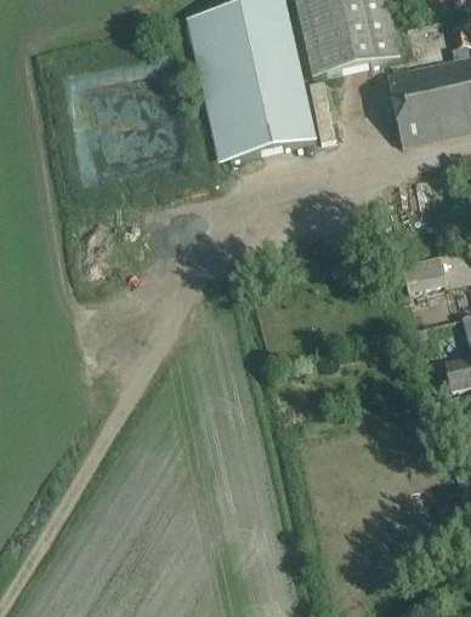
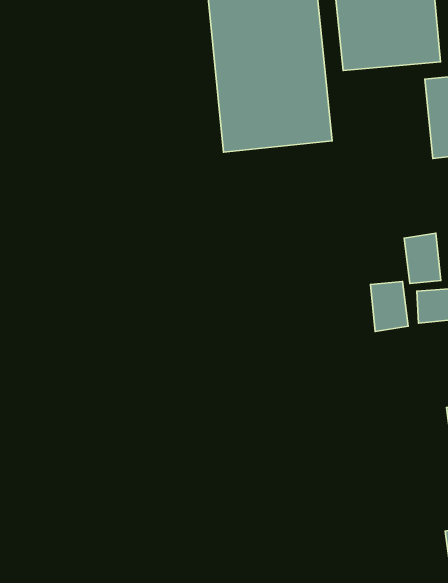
building: none -> [404,233,441,284]
building: none -> [370,281,408,331]

